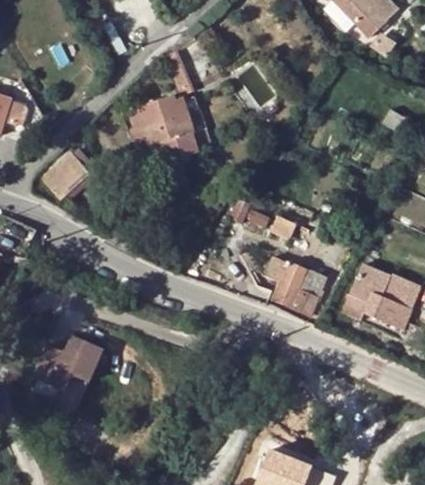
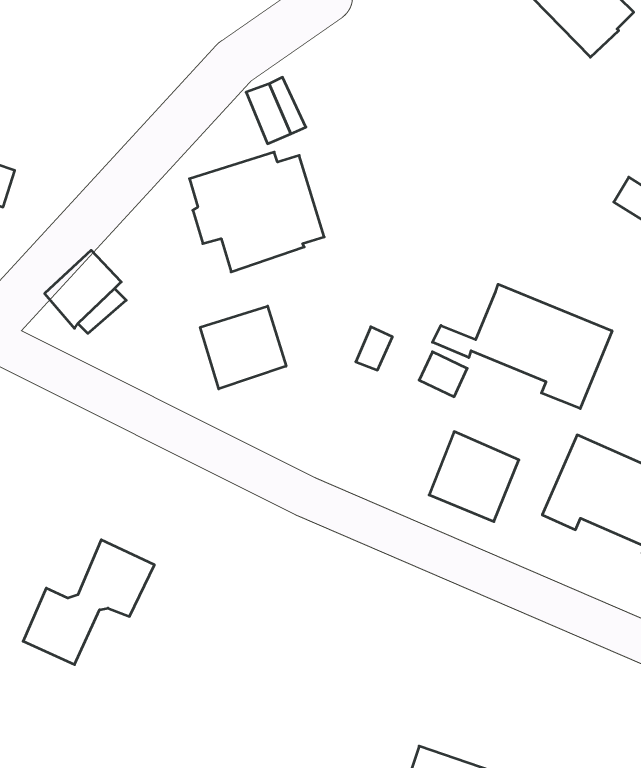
building: none -> [432,284,612,409]
building: none -> [200,306,286,389]

